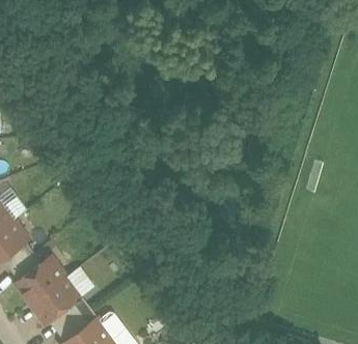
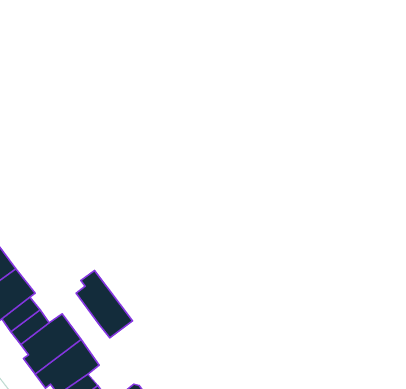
building: none -> [76,270,132,338]

